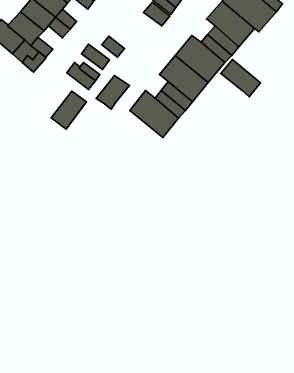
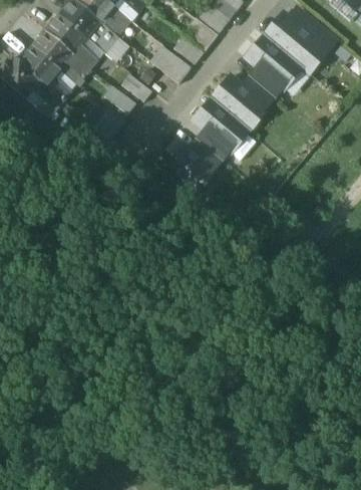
building: none -> [151,46,192,82]
building: [221,59,260,97] -> none
building: [96,75,129,109] -> none
building: [51,91,87,129] -> none

